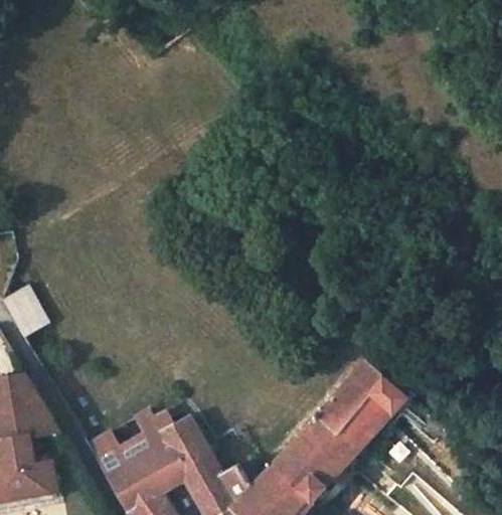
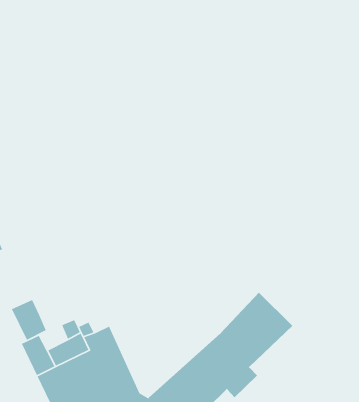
building: none -> [11,299,47,341]

